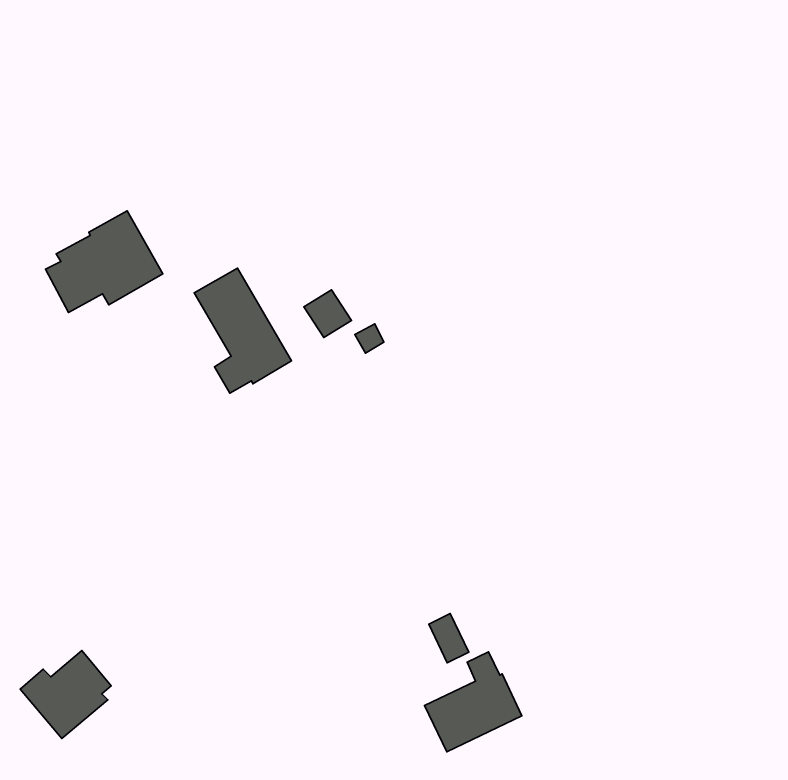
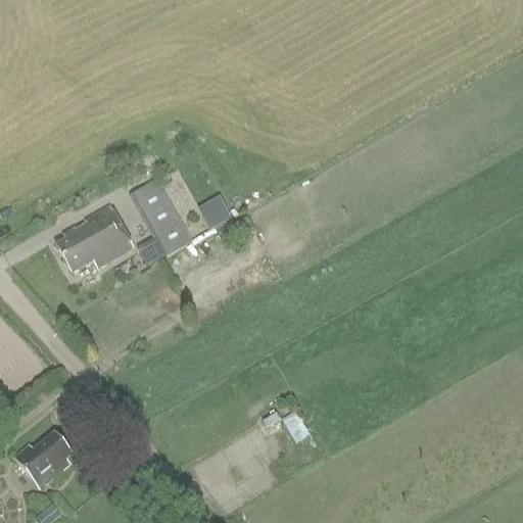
building: [46,211,163,312] -> [56,205,134,273]
building: [424,652,522,752] -> none

